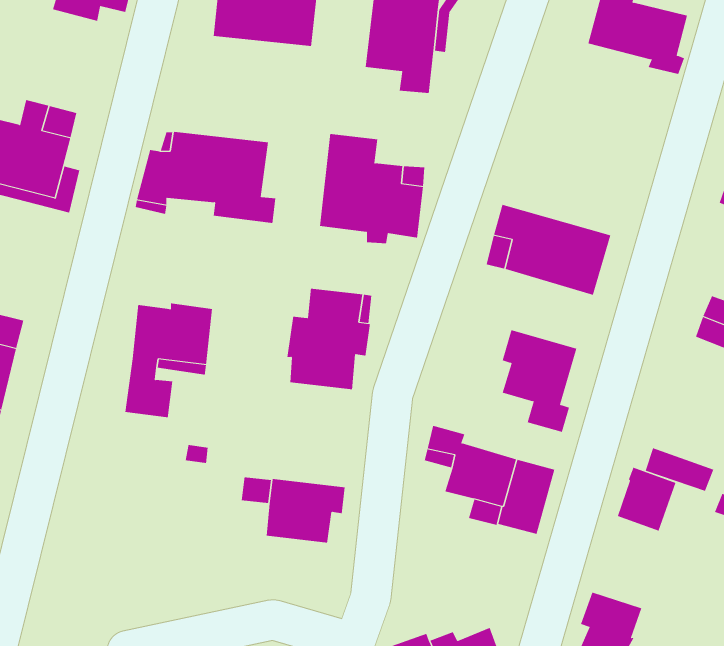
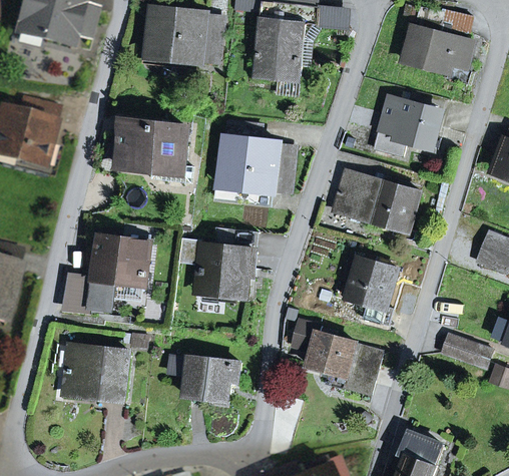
building: none -> [372,97,440,155]
building: none -> [60,272,93,311]
building: none -> [63,345,128,400]
building: [617,467,676,532] -> none

